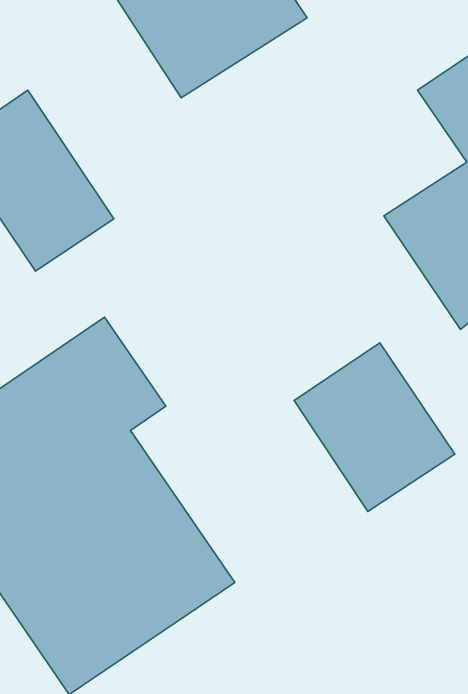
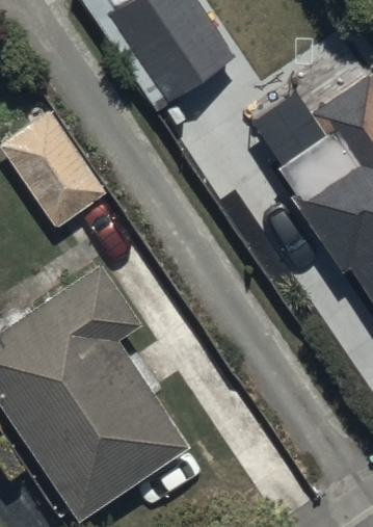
building: [294,343,455,511] -> none

